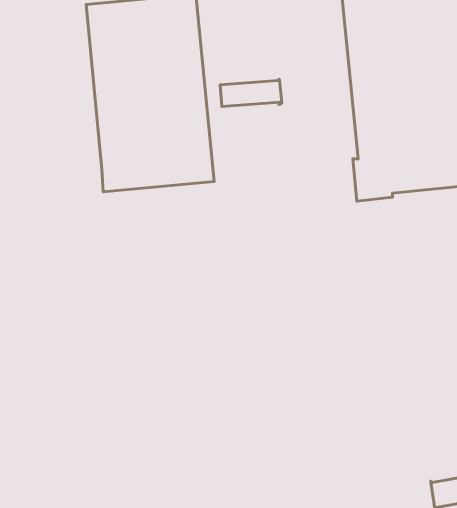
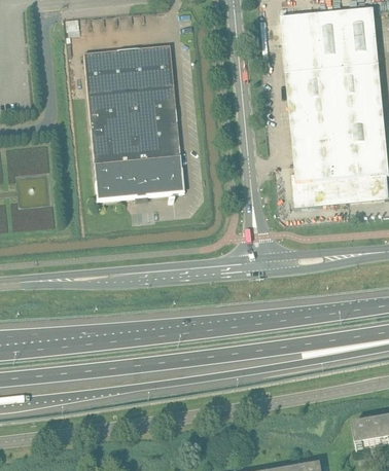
building: [220,79,282,106] -> none

